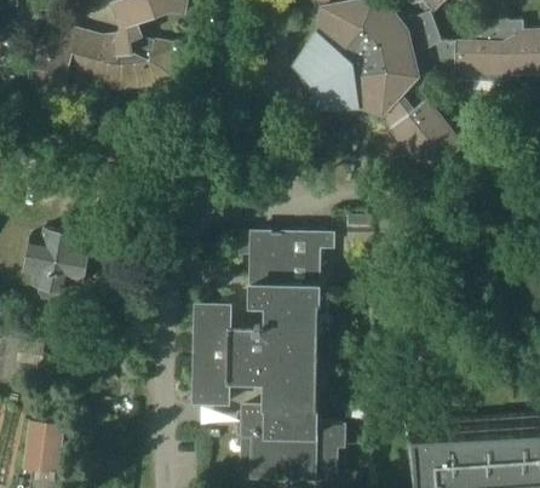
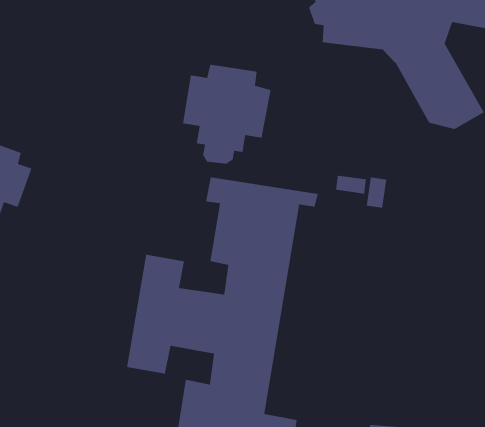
building: none -> [182,64,272,165]

